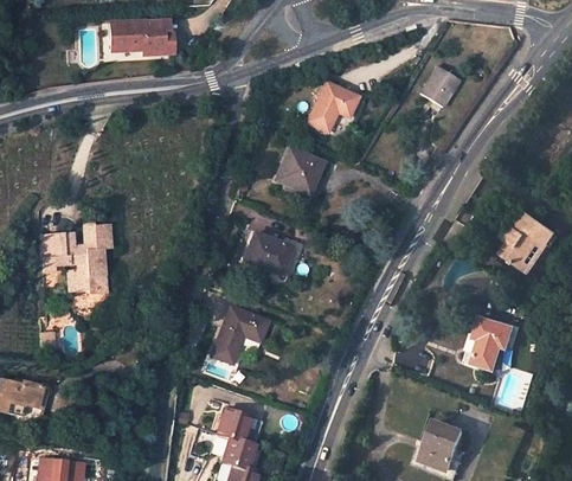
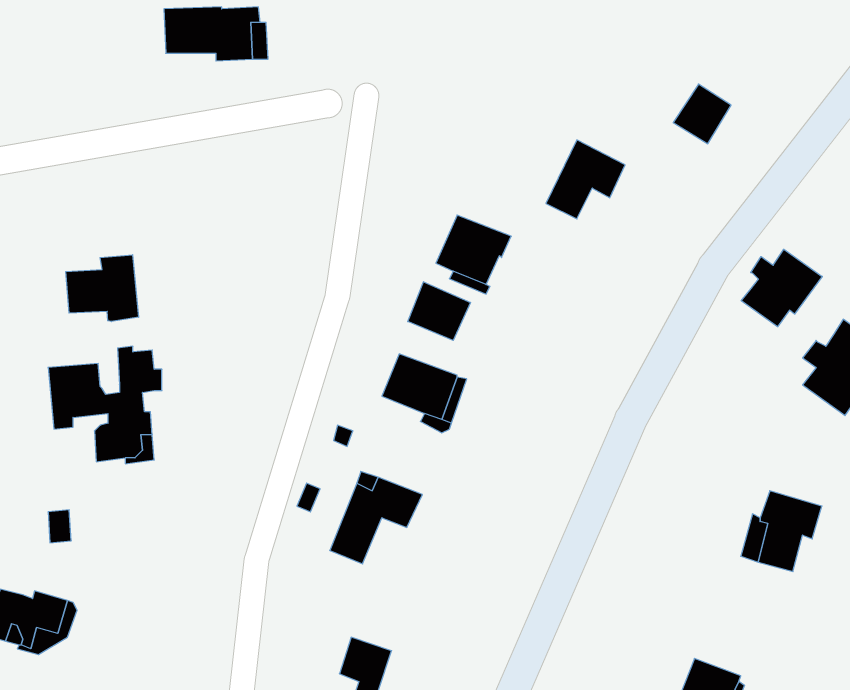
building: [309,81,358,129] -> [546,140,625,219]
building: none -> [741,249,822,327]
building: none -> [66,255,139,322]
building: none -> [408,282,470,340]

